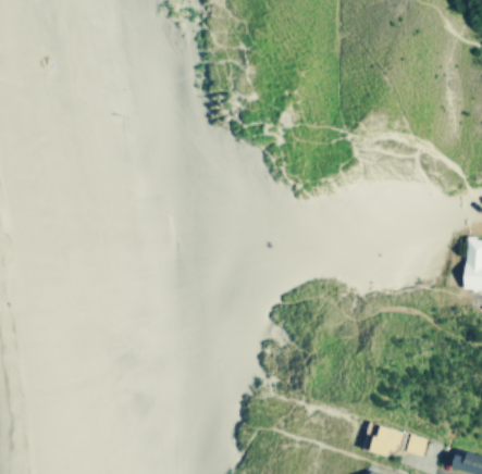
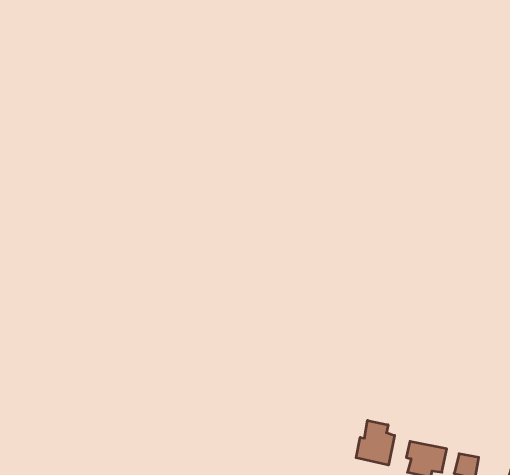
building: none -> [356,420,395,465]

